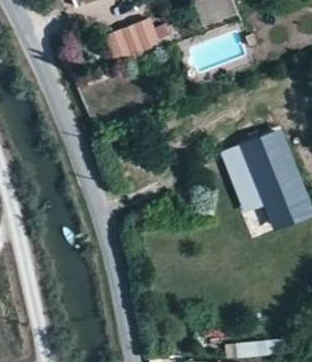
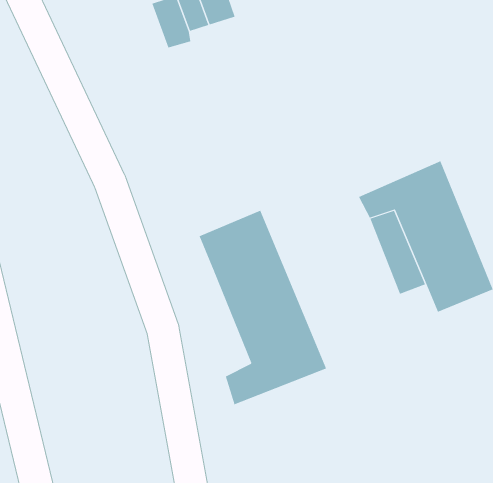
building: none -> [199,210,327,405]

